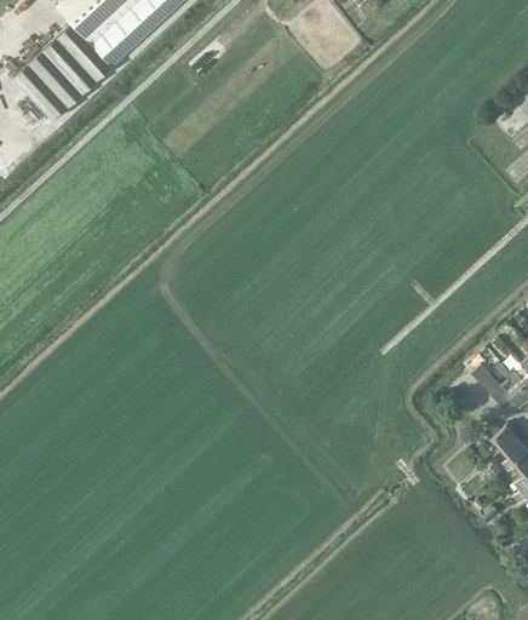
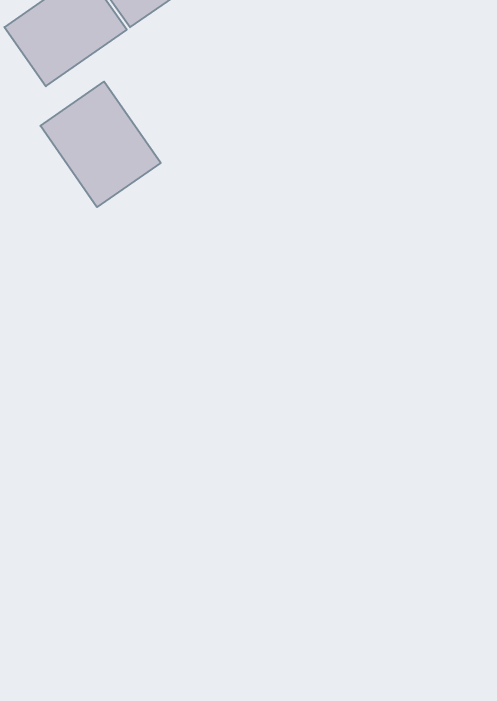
building: none -> [40,82,161,207]

